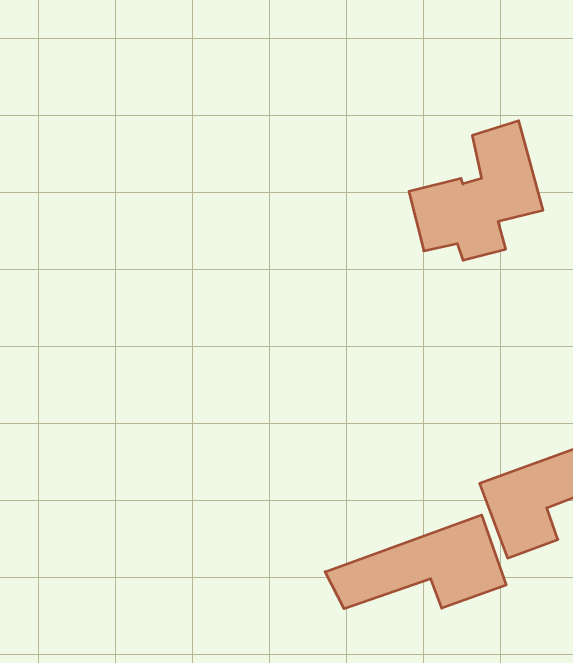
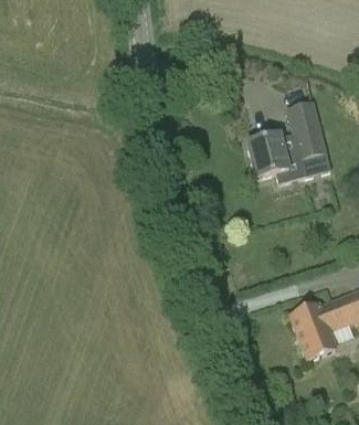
building: [325,515,506,609] -> none

